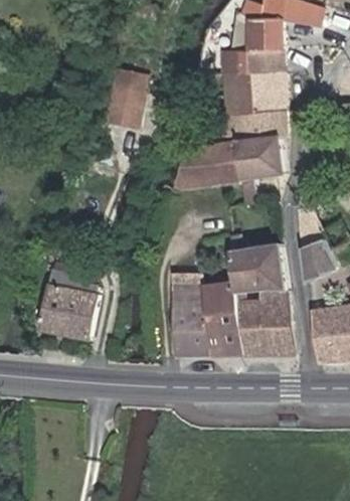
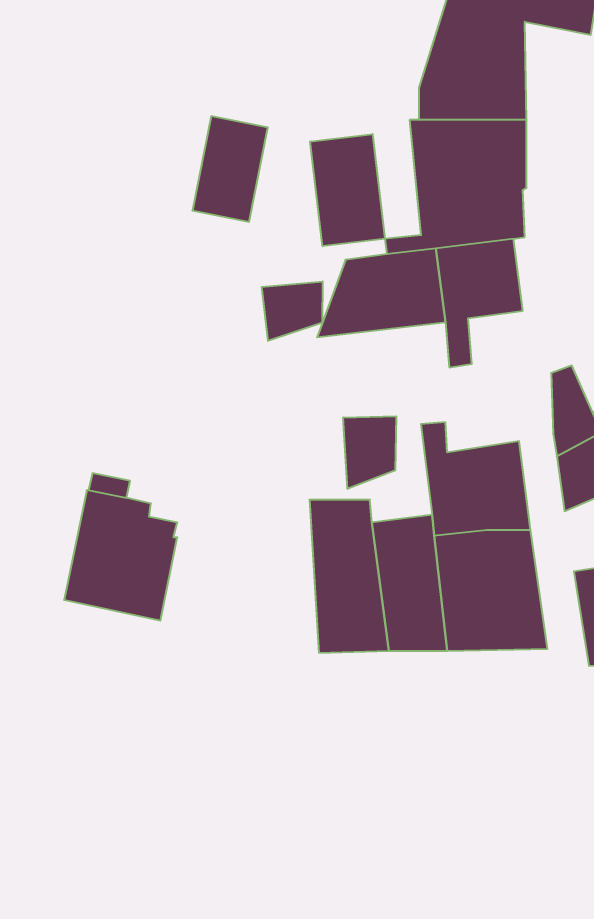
building: none -> [310,134,385,246]
building: none -> [262,281,323,341]
building: none -> [343,416,396,489]

